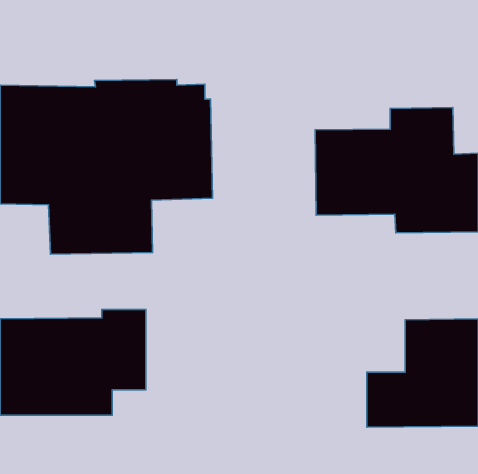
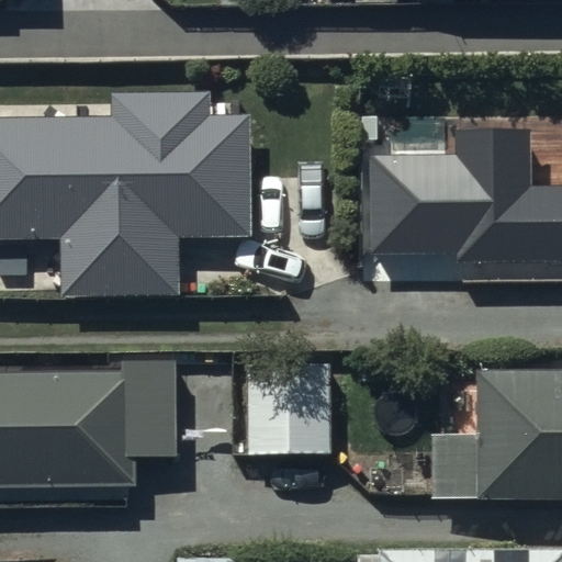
building: none -> [245,364,328,453]

